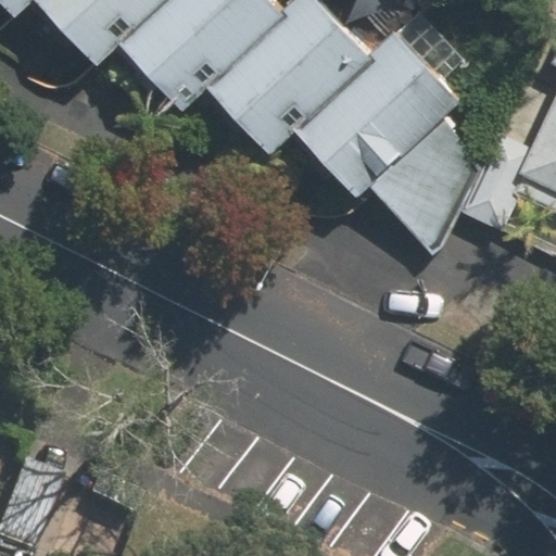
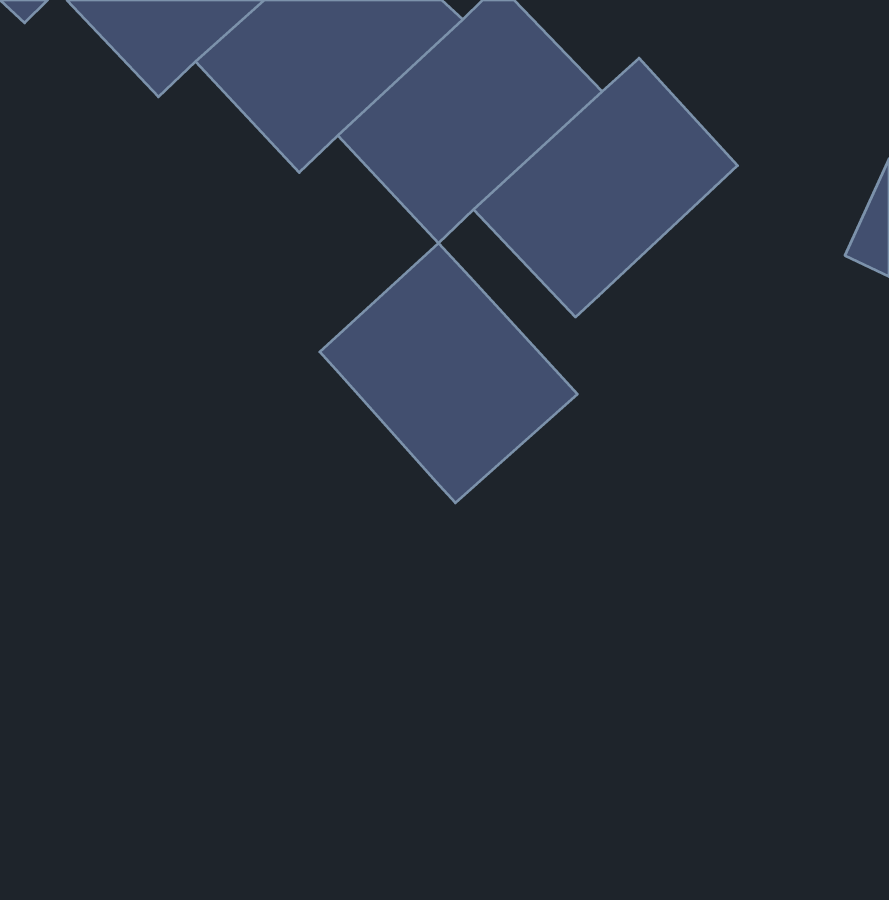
building: [369,115,479,241] -> none
building: none -> [320,243,577,503]

